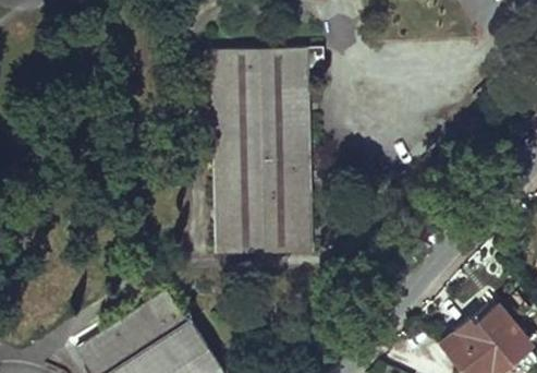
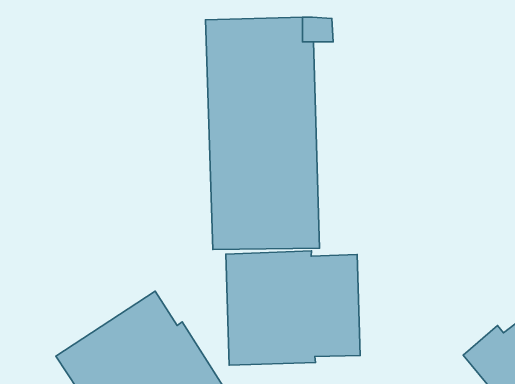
building: none -> [226,251,360,365]

